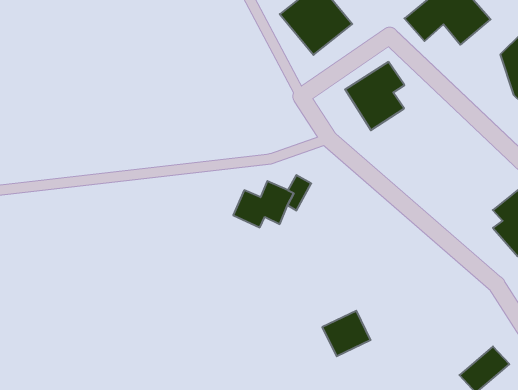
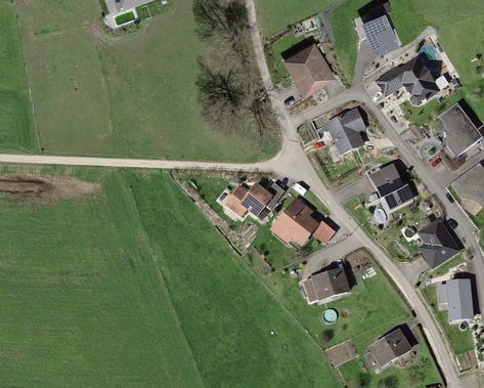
building: none -> [368,167,419,211]
building: none -> [274,201,320,251]
building: [322,311,371,356] -> [315,271,350,303]

